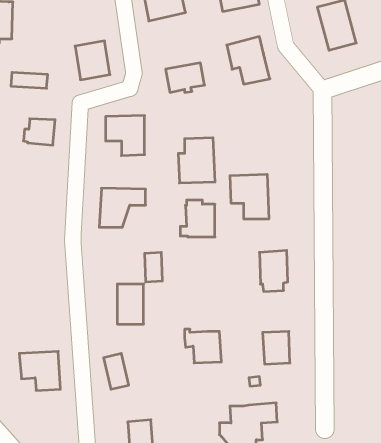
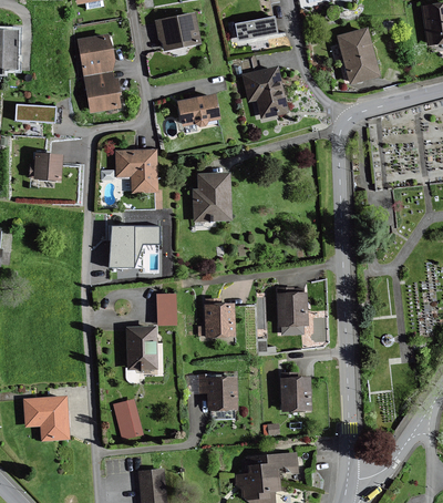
building: none -> [76,34,114,76]
building: [230,174,269,219] -> none
building: [180,200,215,237] -> [197,298,234,337]

